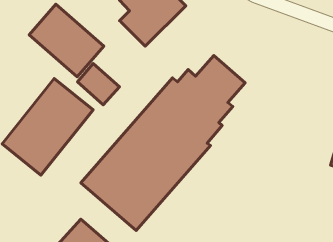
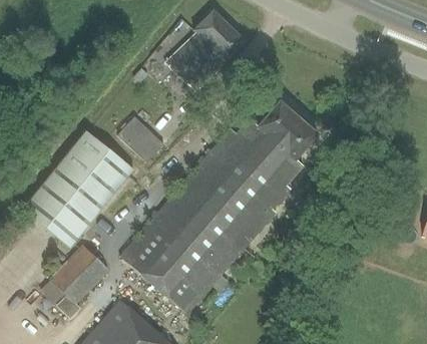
building: [29,4,104,77] -> none
building: none -> [41,244,109,317]

